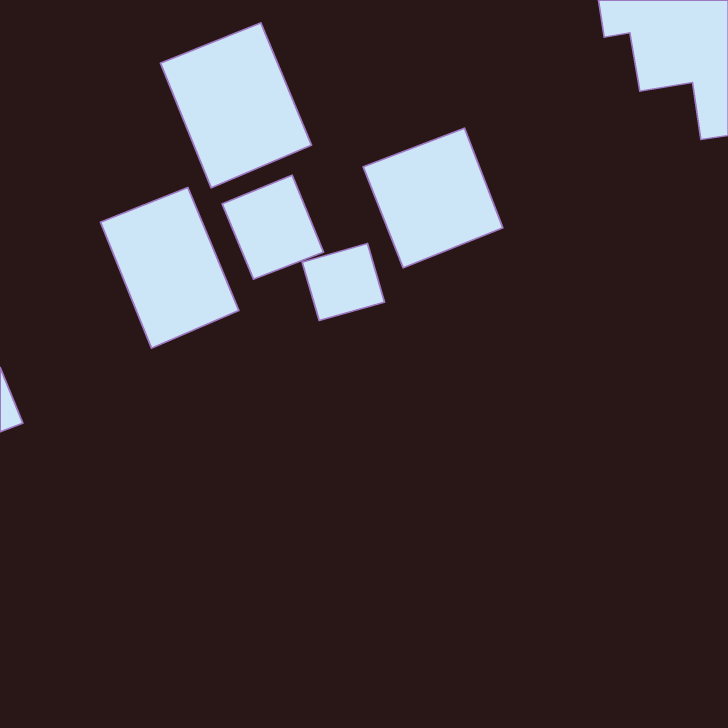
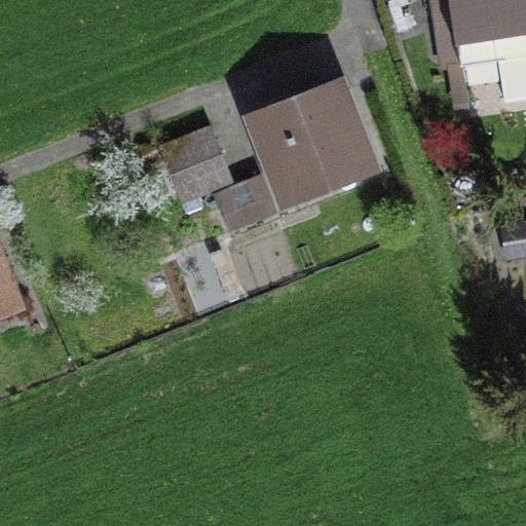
building: [160,23,312,188] -> none
building: [100,187,239,348] -> none

